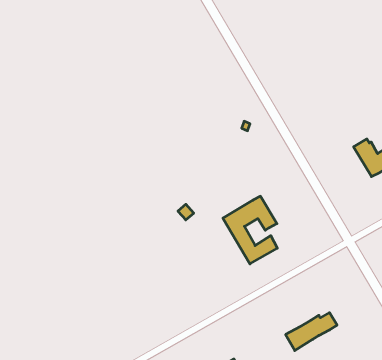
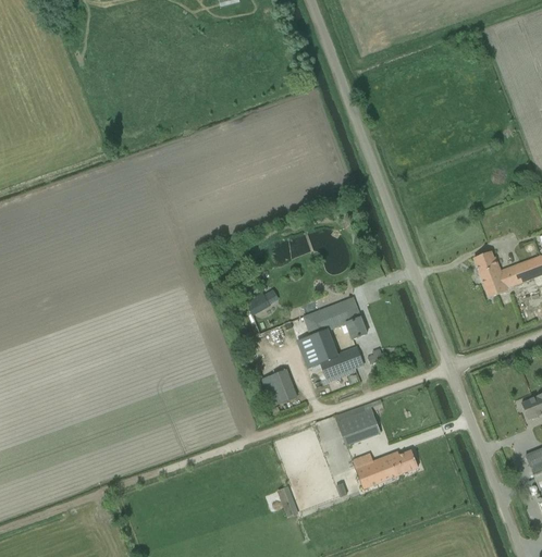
building: none -> [266,368,299,405]
building: none -> [337,410,380,445]

